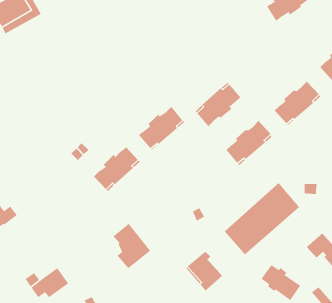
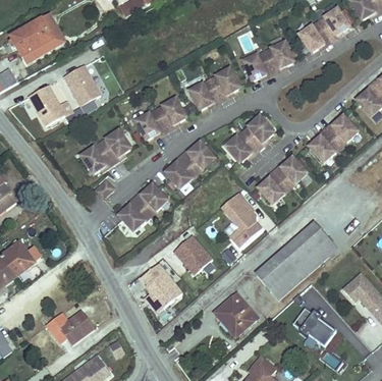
building: none -> [243,43,294,79]
building: none -> [63,64,100,113]
building: none -> [190,69,240,108]
building: none -> [28,84,73,124]
building: none -> [137,99,186,139]
building: none -> [83,130,131,172]
building: none -> [222,192,263,246]
building: none -> [172,233,211,272]

